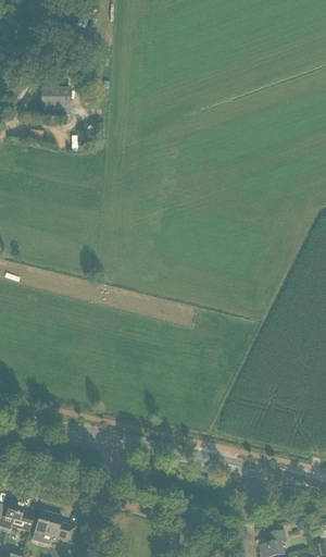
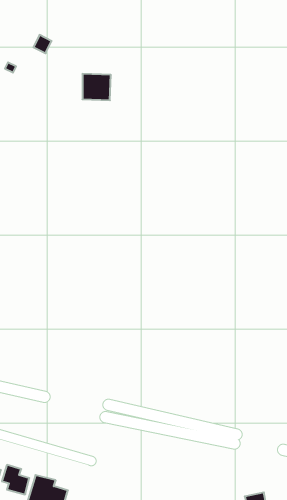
building: [38,86,68,114] -> [82,74,111,100]

